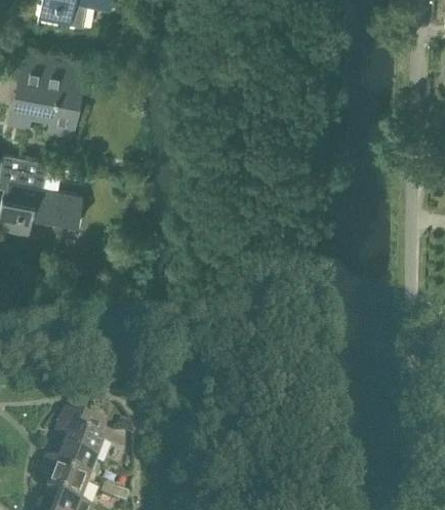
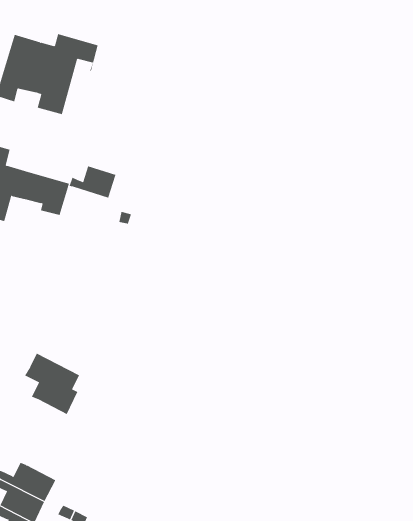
building: none -> [69,166,117,198]
building: [55,413,106,466] -> [24,353,80,415]

